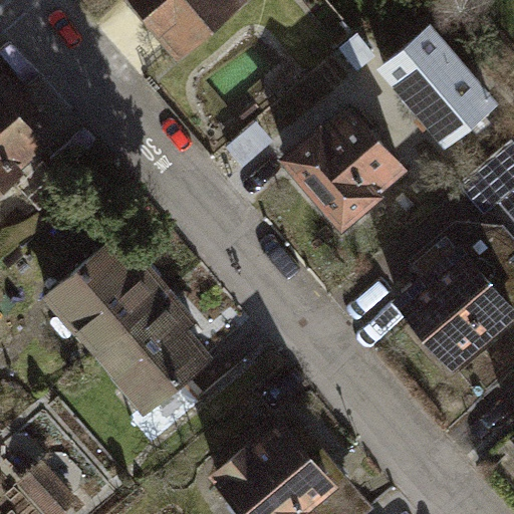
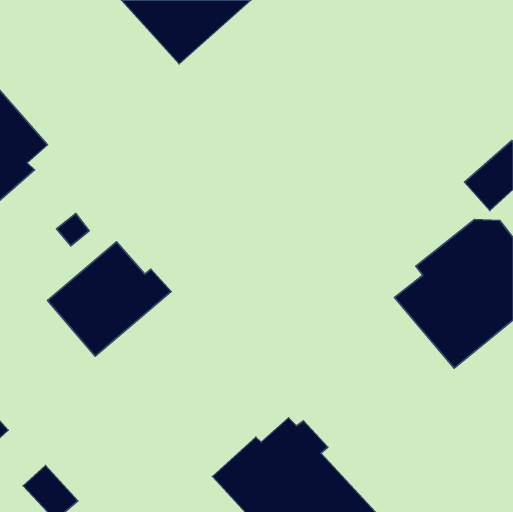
building: [382,30,489,141] -> none
building: [282,110,399,227] -> none
building: [94,294,214,417] -> none

